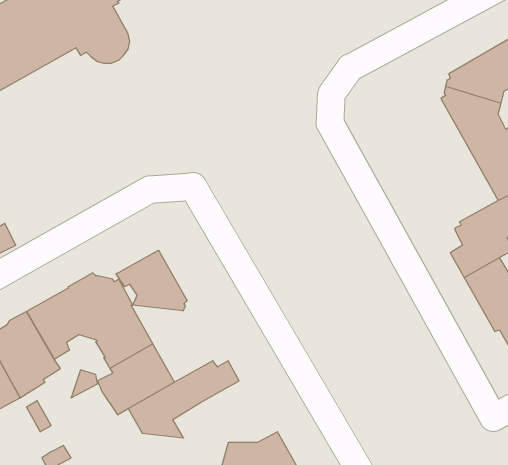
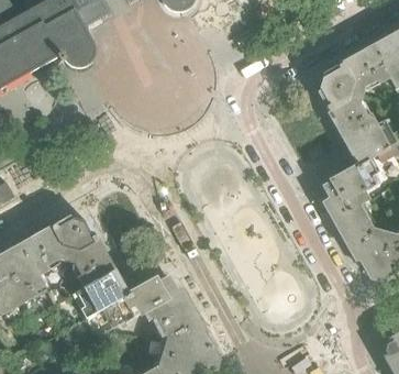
building: [116,250,187,311] -> none
building: none -> [145,289,201,337]

